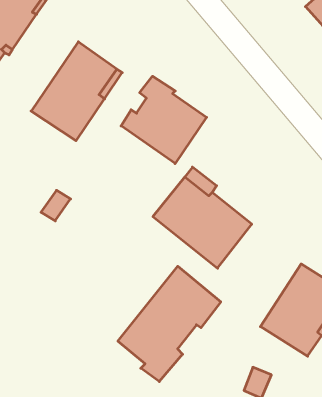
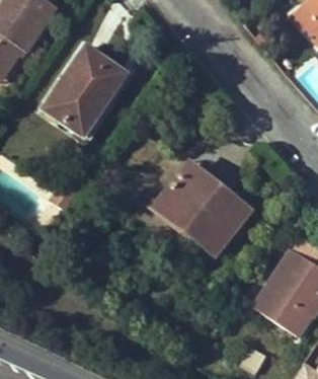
building: [121,76,207,164] -> none
building: [118,266,221,382] -> none

